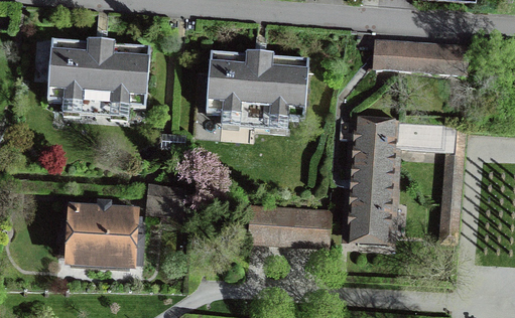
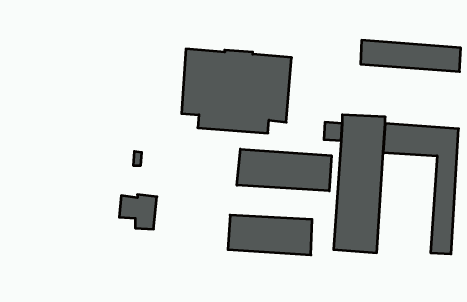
building: [46,39,149,118] -> none
building: none -> [237,149,331,191]
building: [70,202,145,264] -> none

